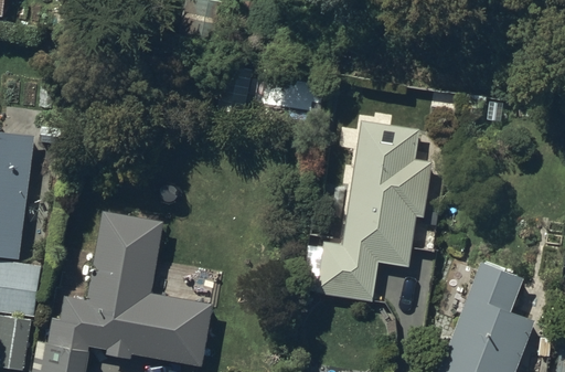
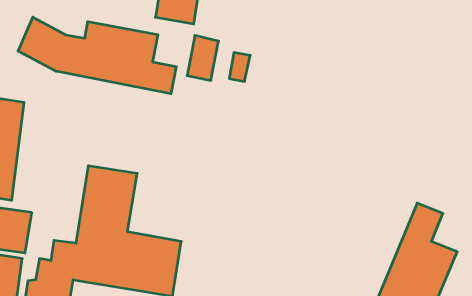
building: none -> [18,17,176,94]
building: [318,113,427,288] -> none

